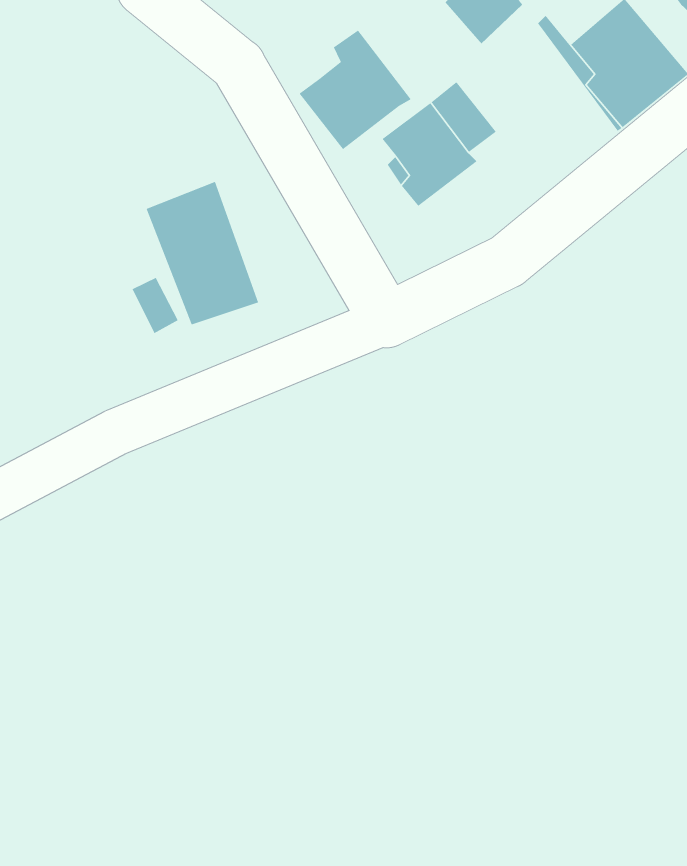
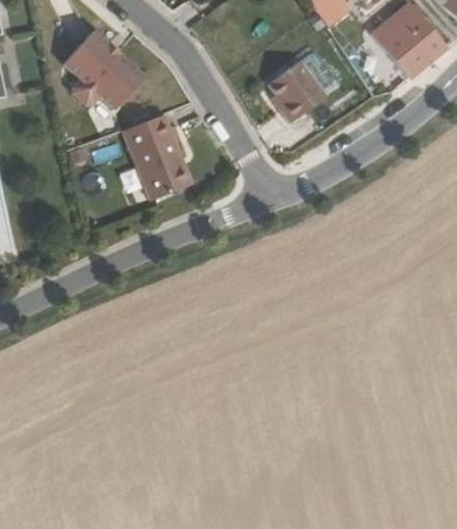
building: [299,30,412,150] -> none
building: none -> [65,28,147,108]

